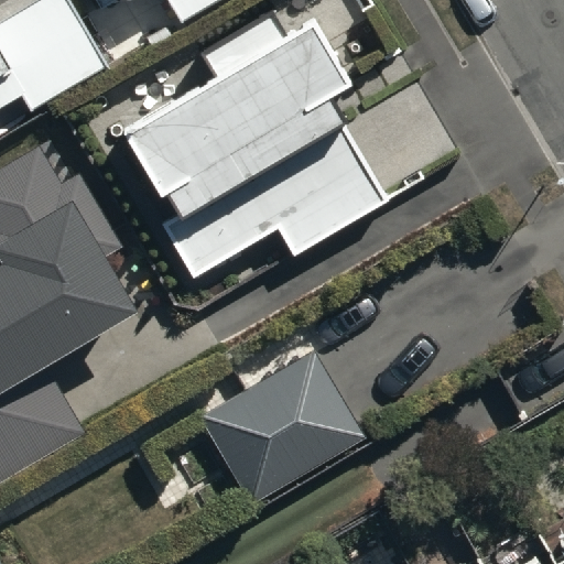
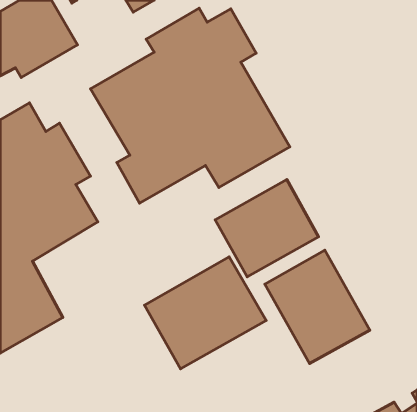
building: none -> [215,179,319,277]
building: none -> [265,250,370,364]

